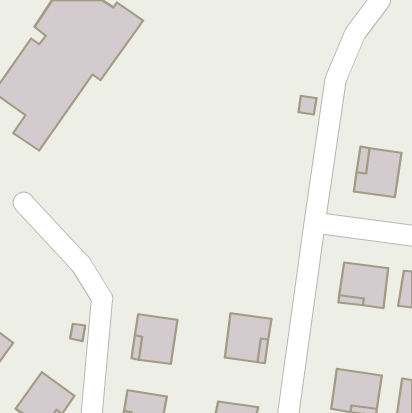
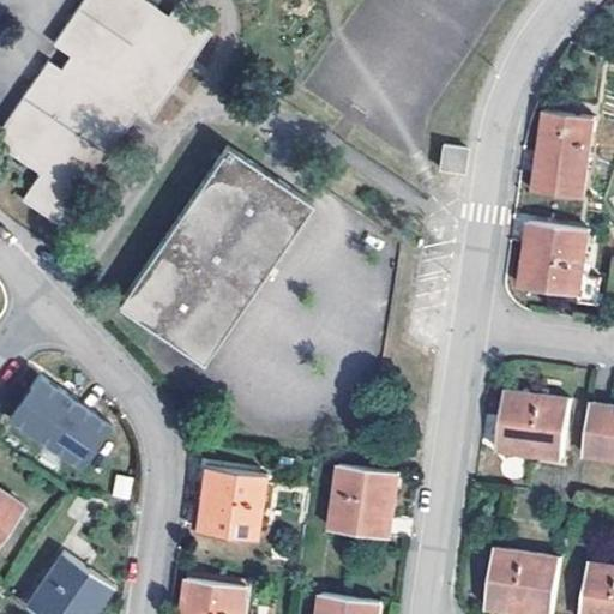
building: none -> [535,110,592,198]
building: none -> [114,150,309,365]
building: none -> [8,379,104,466]

